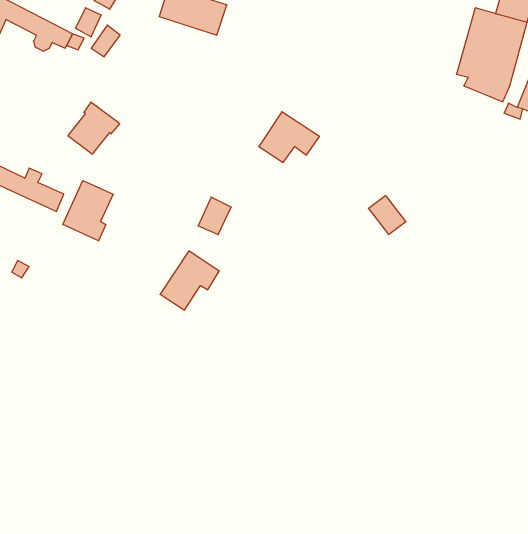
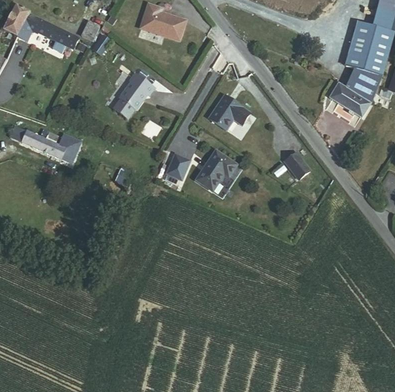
building: none -> [330,75,377,117]
building: [68,102,120,154] -> [118,72,154,108]
building: [63,181,113,241] -> none
building: [160,251,219,310] -> [195,149,236,190]

